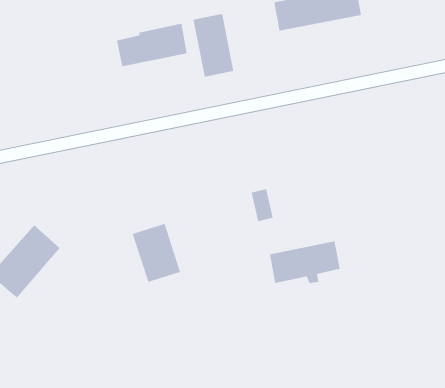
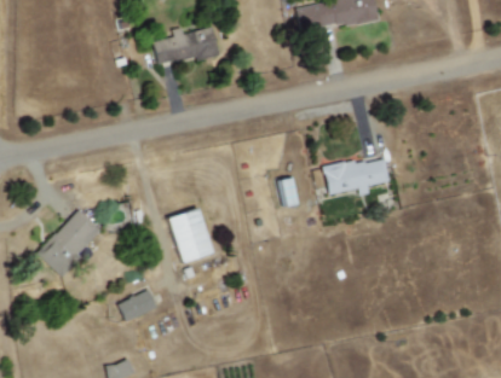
building: [193,13,234,77] -> none
building: [269,241,340,283] -> [323,156,388,194]
building: none -> [117,290,157,321]

